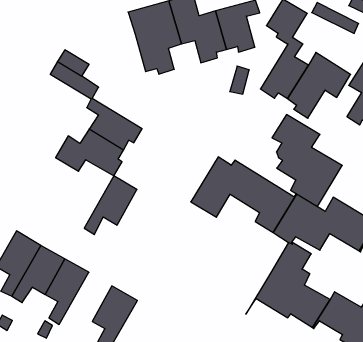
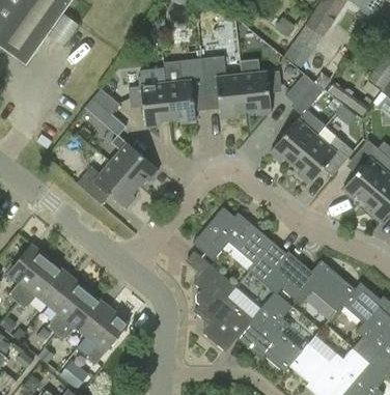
building: none -> [129,84,170,128]
building: [272,115,342,207] -> [194,264,253,351]
building: [84,176,137,235] -> [56,291,109,341]

